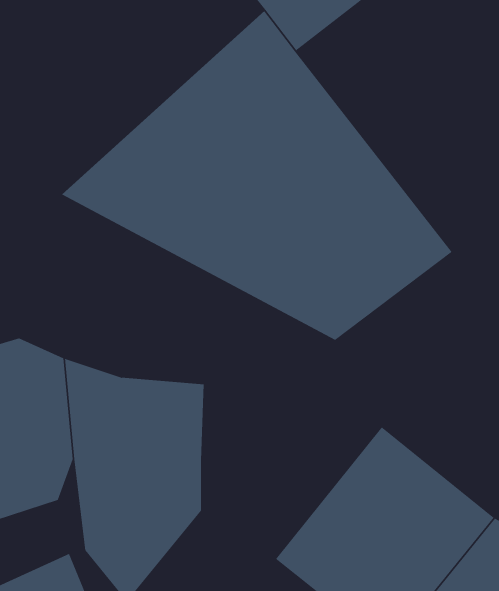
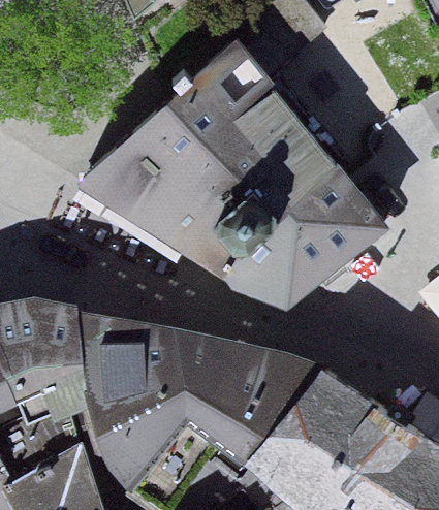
building: none -> [185,330,312,459]

